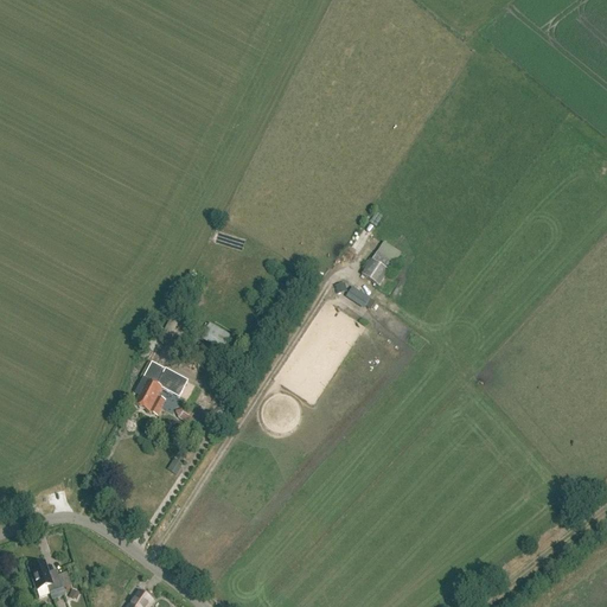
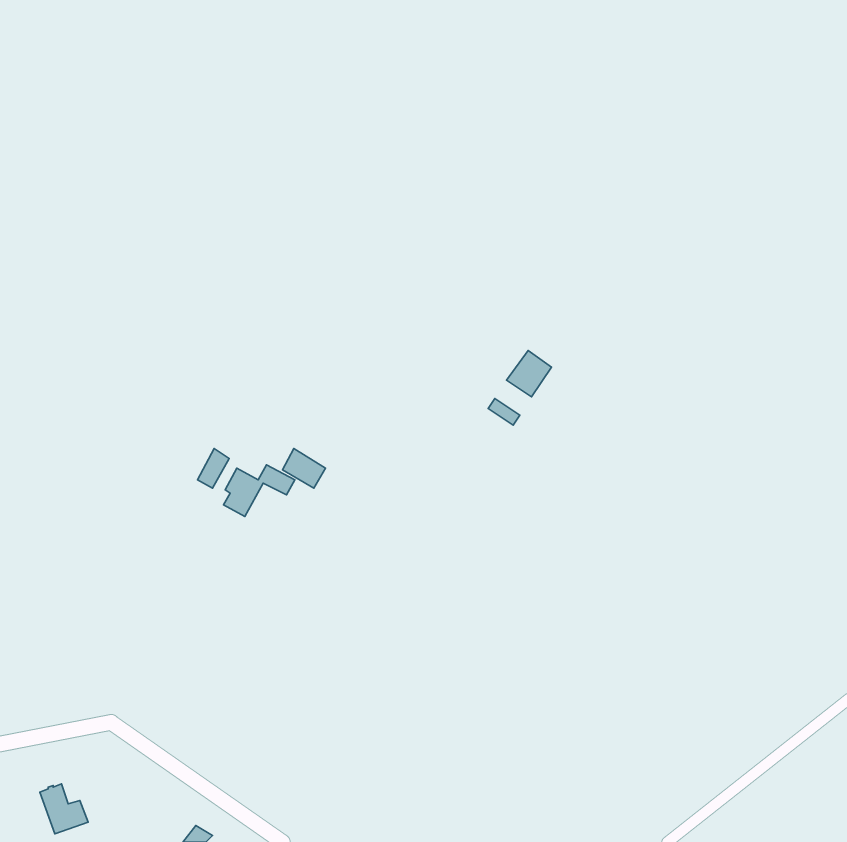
building: [135,372,186,409] -> [223,465,295,516]

